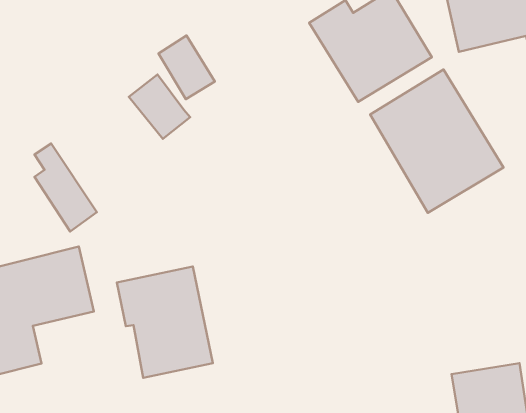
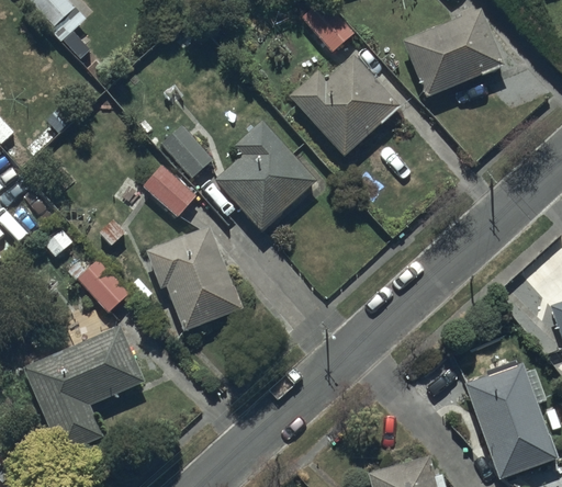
building: none -> [214,121,317,230]
building: [370,69,503,213] -> none
building: [117,267,213,378] -> [146,224,243,329]

